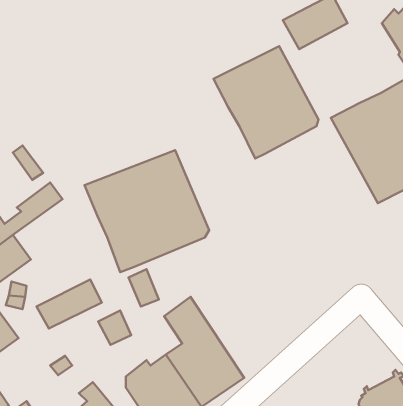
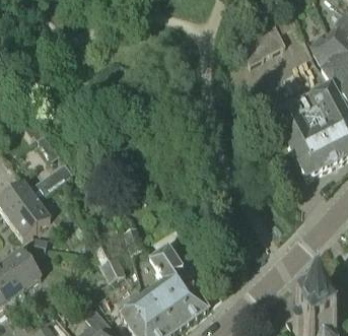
building: [213,46,319,158] -> none
building: [85,150,209,272] -> none
building: [36,279,102,328] -> none

